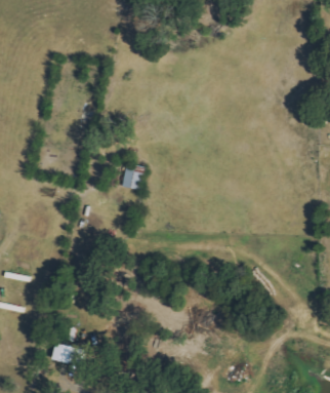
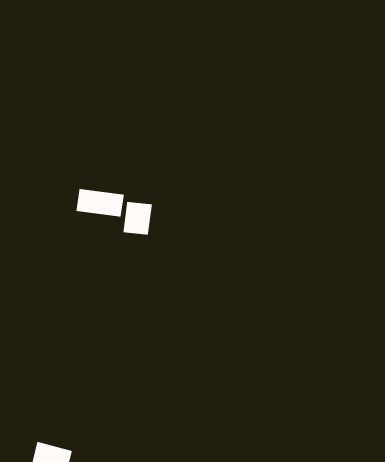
building: none -> [75,188,125,217]

